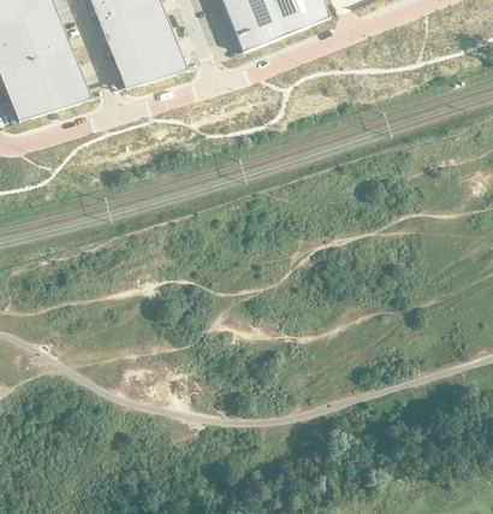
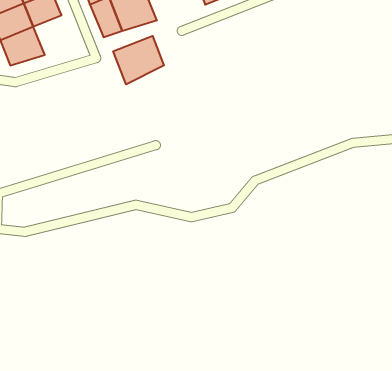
building: [46,63,93,108] -> none
building: none -> [113,36,164,84]

